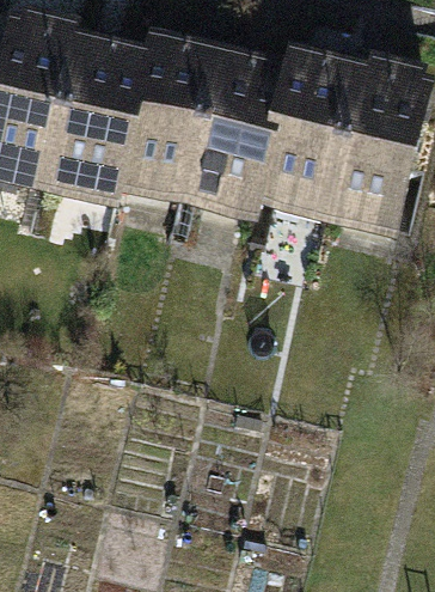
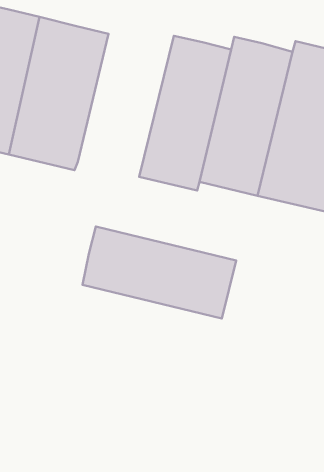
building: [118,37,227,213] -> none
building: none -> [82,227,236,318]

